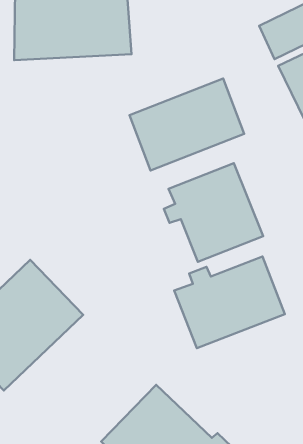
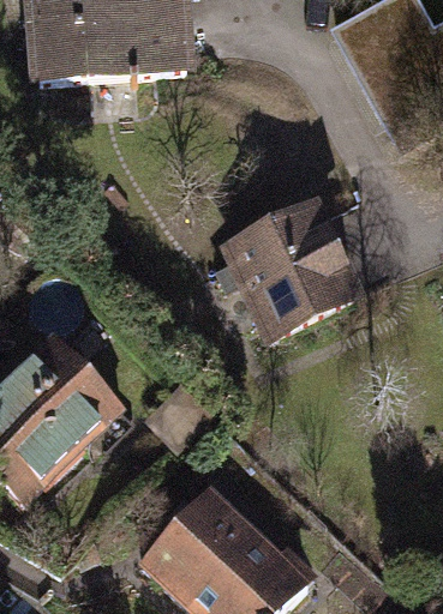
building: [129,78,244,171] -> none
building: [174,257,285,348] -> none

